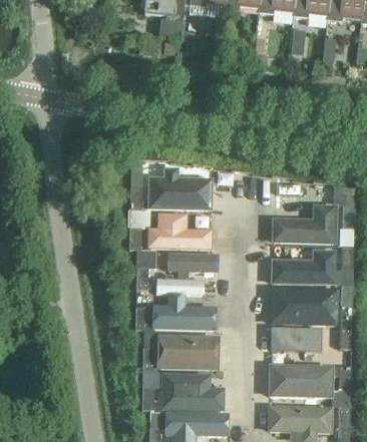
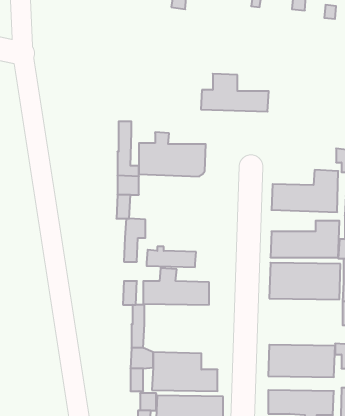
building: [147,213,211,249] -> [201,74,269,112]
building: [168,254,217,277] -> none
building: [270,326,321,350] -> none
building: [158,337,218,368] -> none

